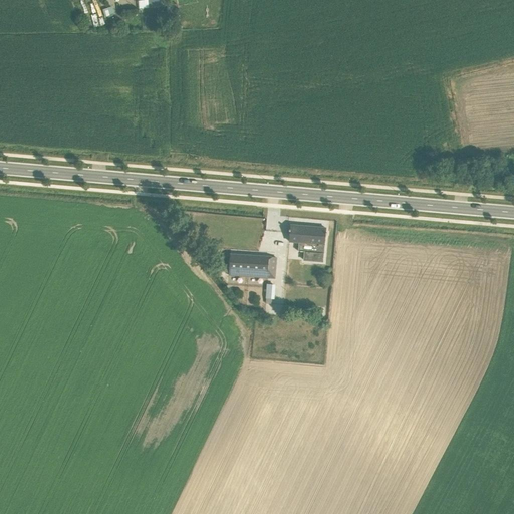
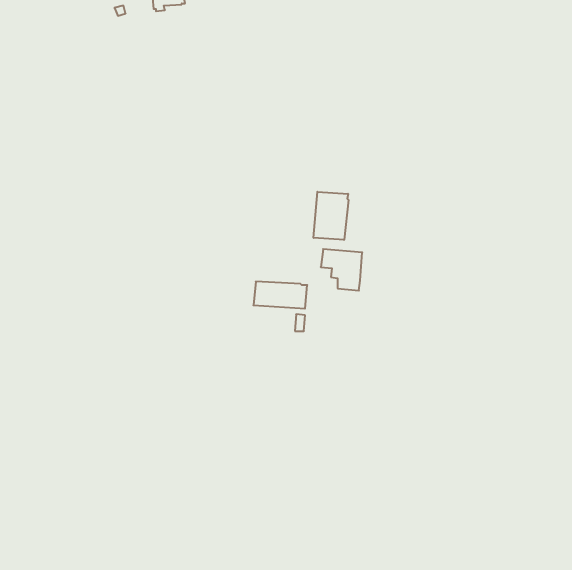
building: none -> [314,192,348,240]

